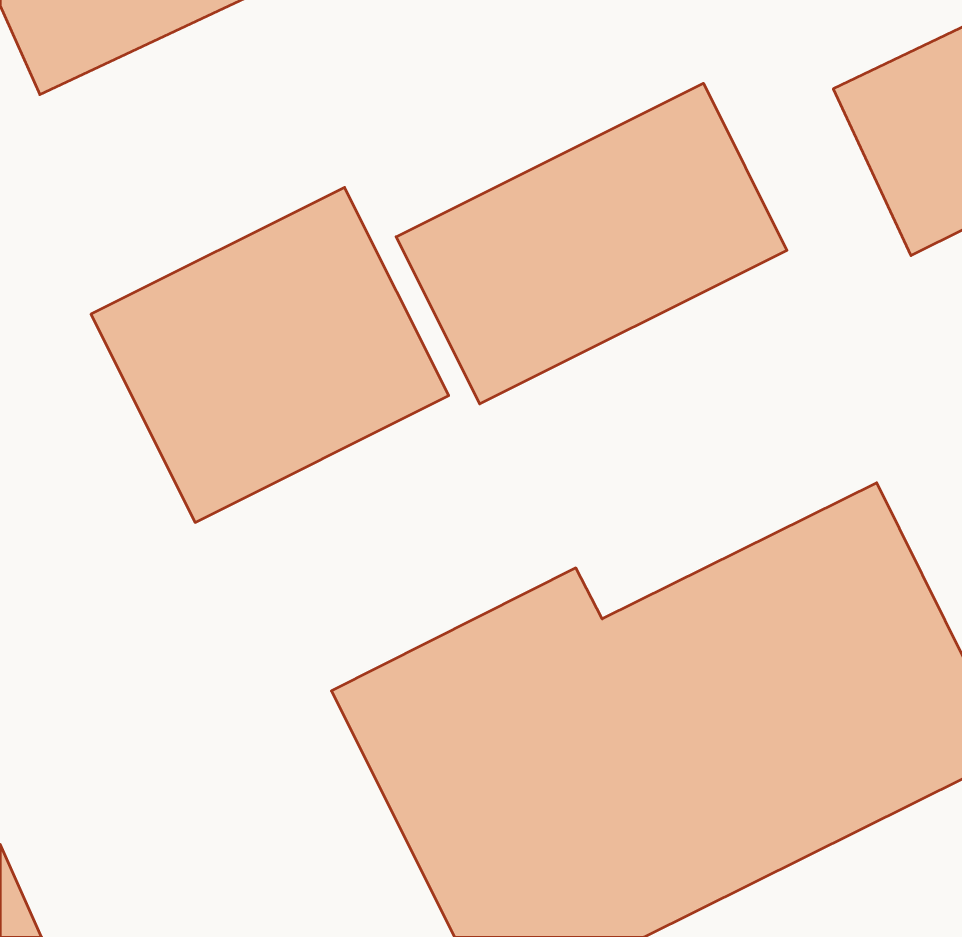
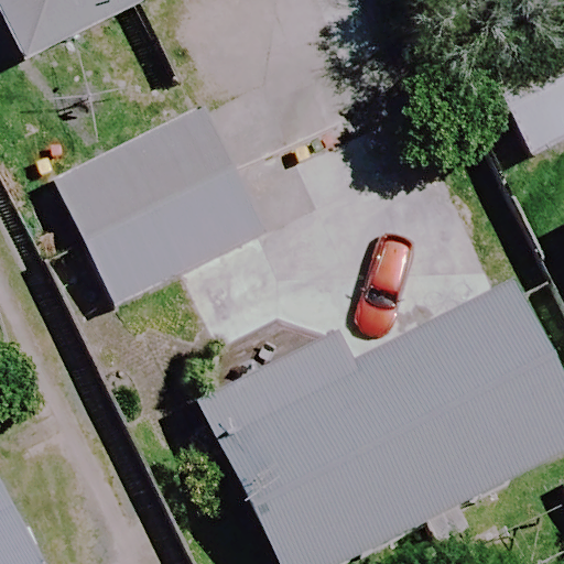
building: [396,83,787,404] -> none

